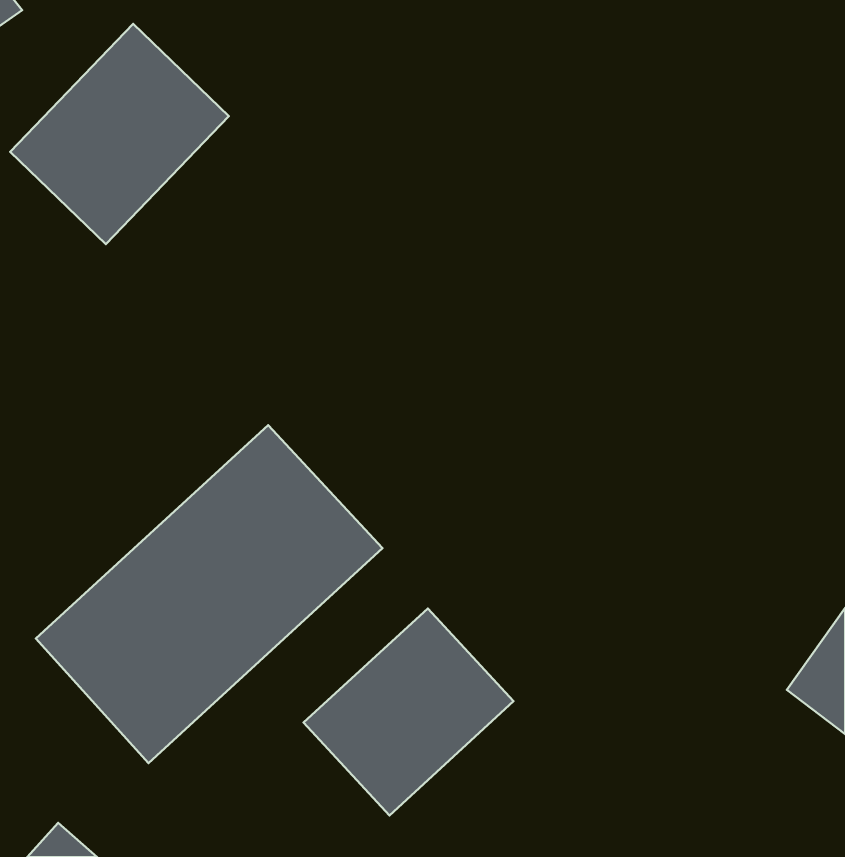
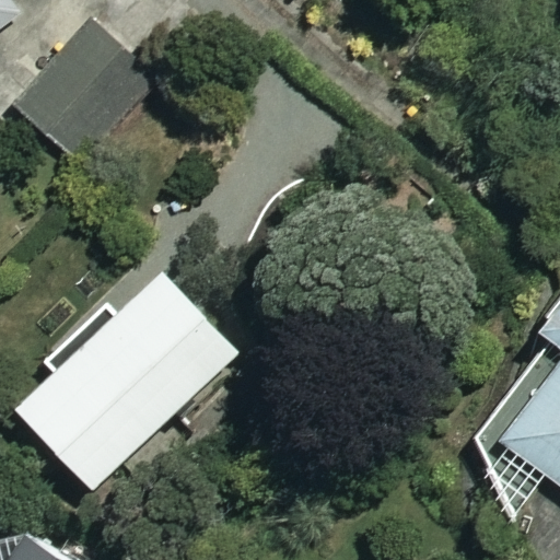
building: [304,608,514,816] -> none

